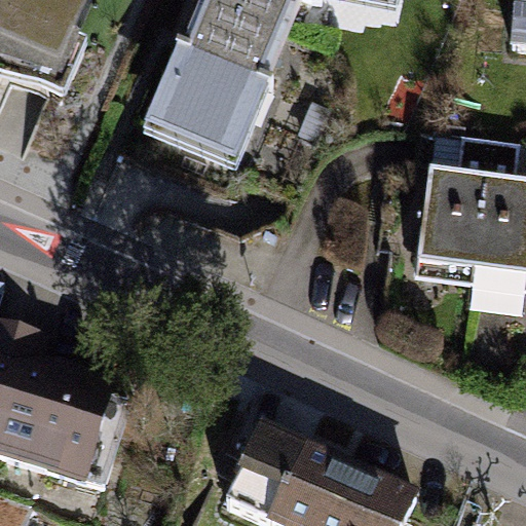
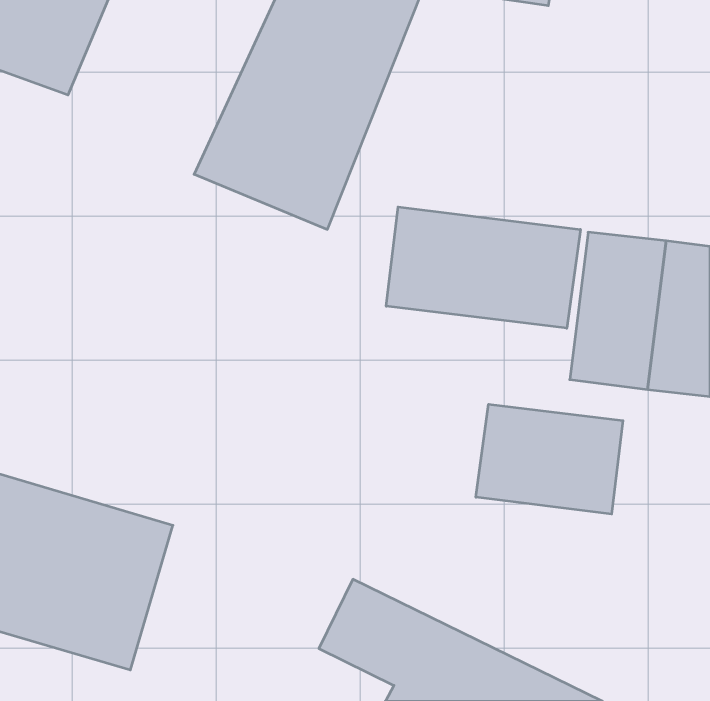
building: none -> [386,207,580,328]
building: none -> [476,404,623,514]

